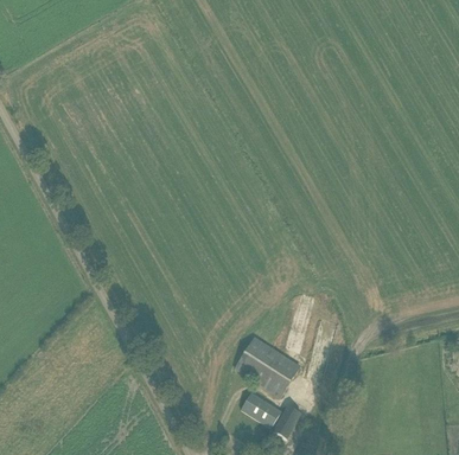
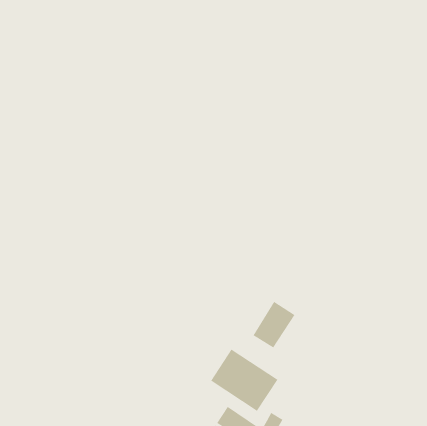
building: none -> [252,301,295,348]

